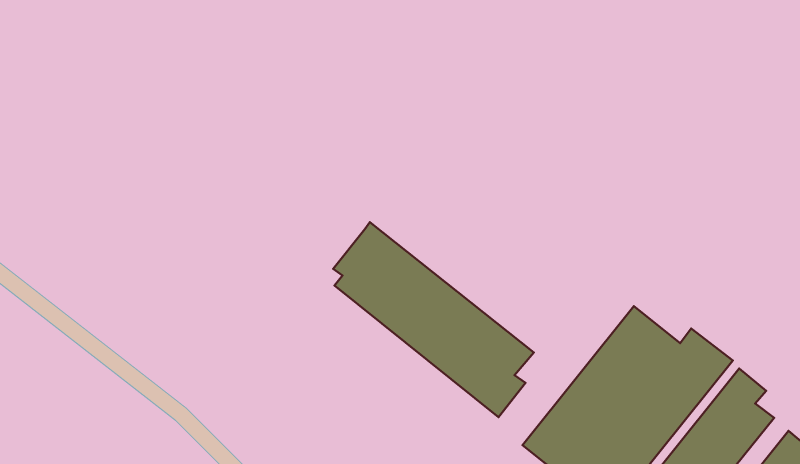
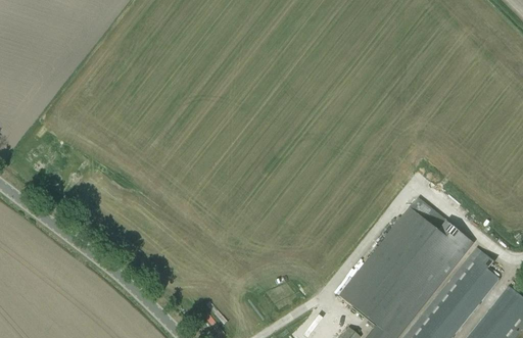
building: [333,222,534,417] -> none

